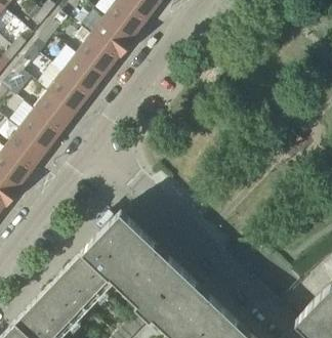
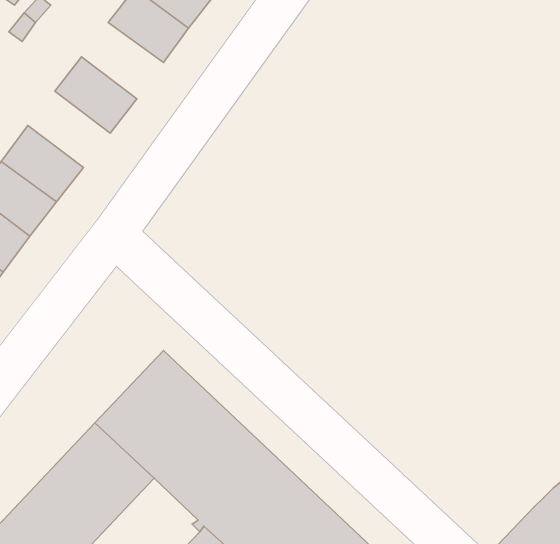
building: [75,36,119,77] -> none
building: [46,73,90,114] -> none

